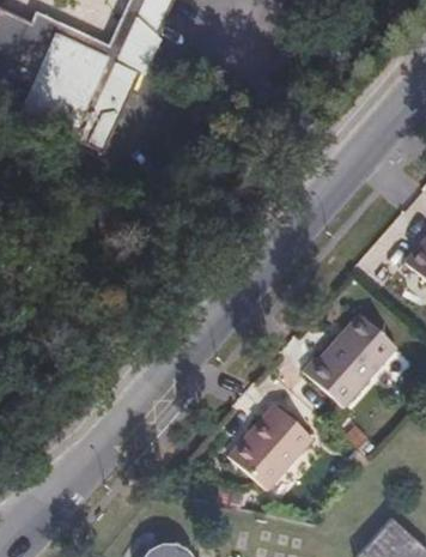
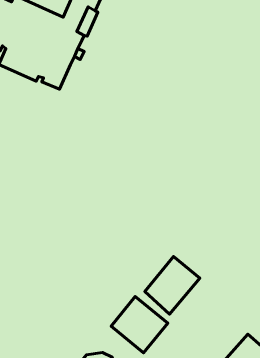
building: [306,317,397,407] -> none
building: none -> [111,297,168,353]

